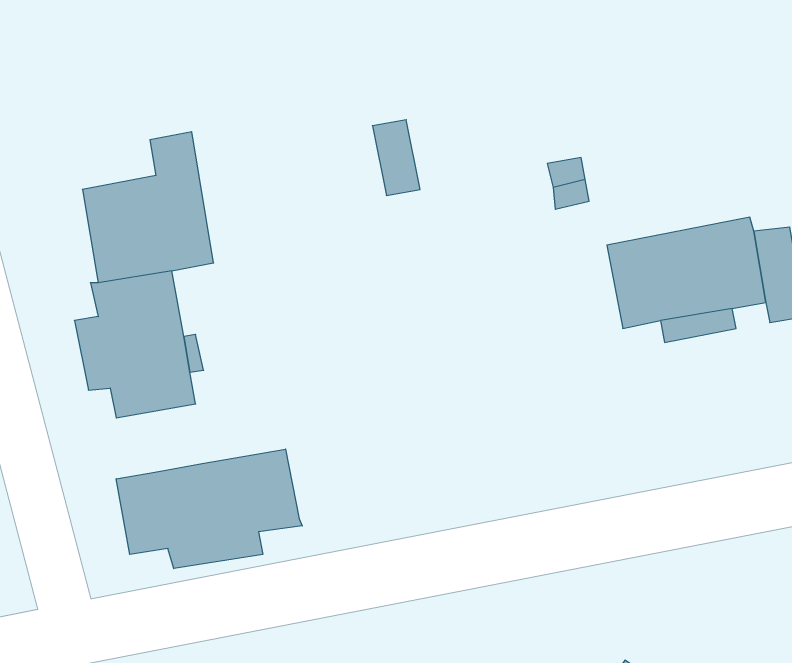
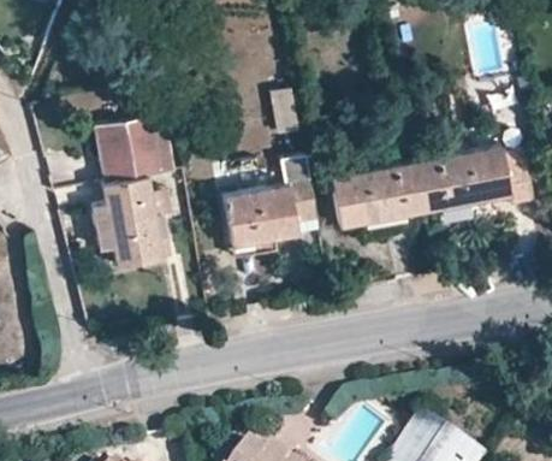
building: none -> [224,152,320,252]
building: none -> [330,161,422,235]
building: [116,449,302,569] -> none

